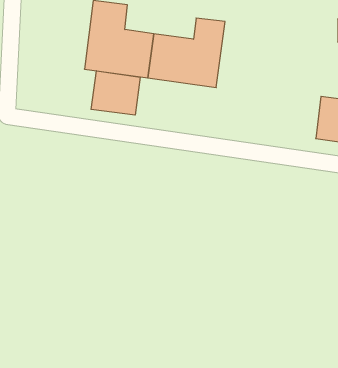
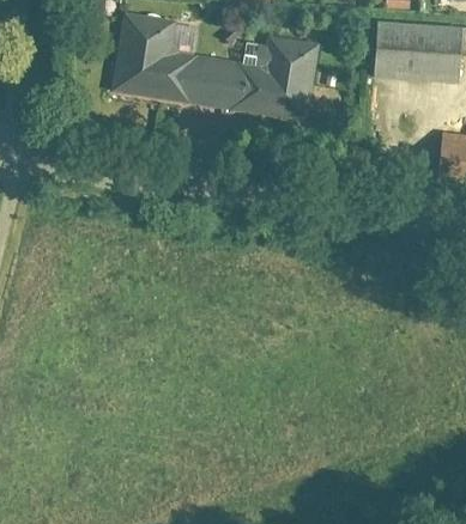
building: none -> [373,25,454,81]
building: [91,71,140,115] -> none

